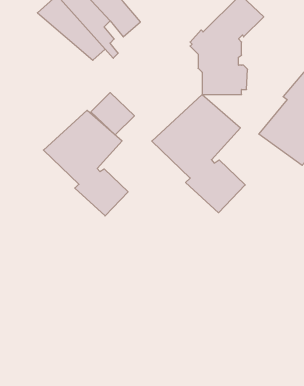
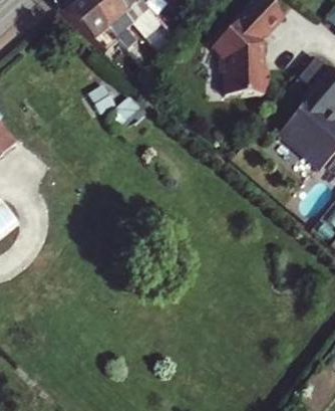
building: [152,95,245,213] -> none
building: [43,110,128,216] -> none

